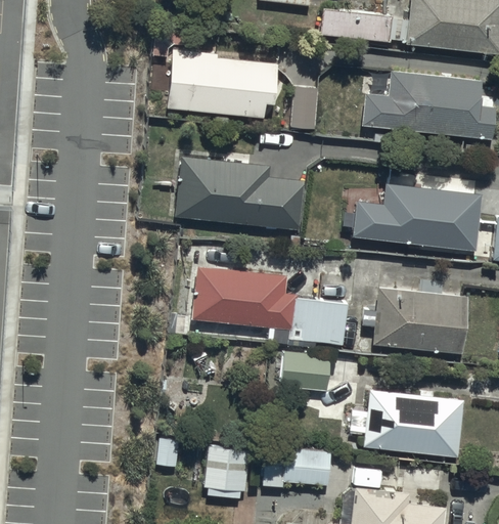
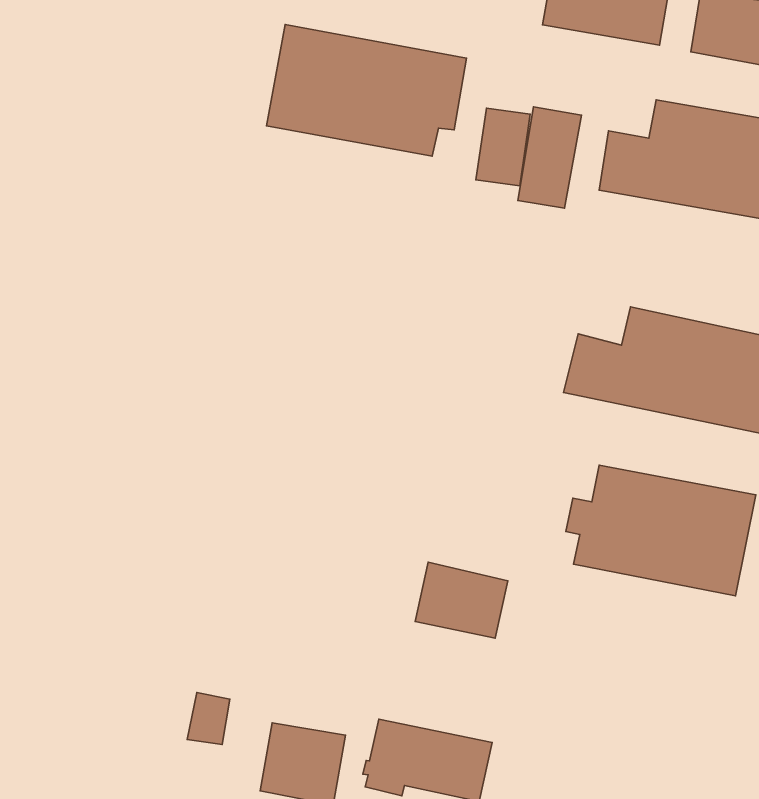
building: none -> [518,107,582,208]
building: [176,165,304,239] -> none
building: [193,266,349,350] -> none
building: [352,389,463,454] -> none

